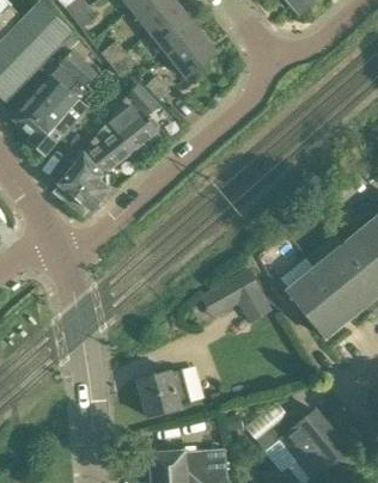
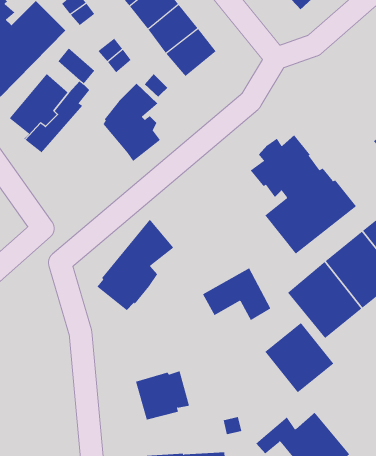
building: [53,126,129,216] -> [96,218,174,311]
building: none -> [250,134,357,254]
building: none -> [265,322,334,393]

